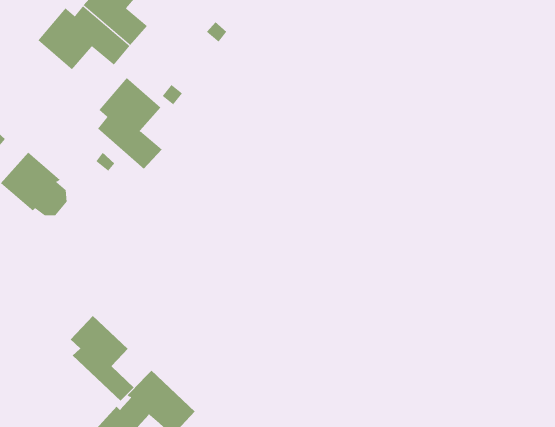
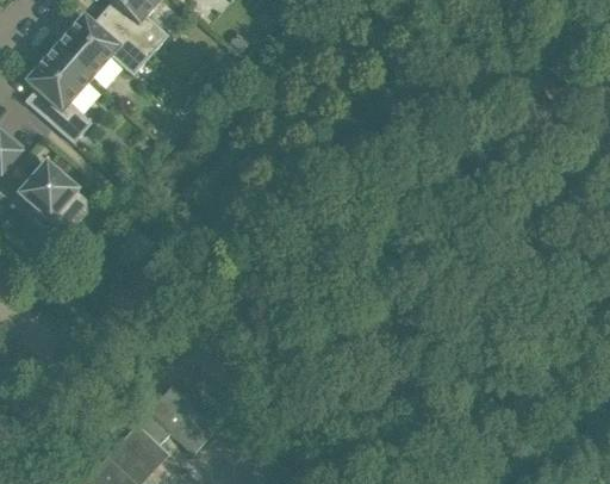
building: [97,77,162,169] -> [25,46,92,141]
building: [70,315,134,402] -> none

